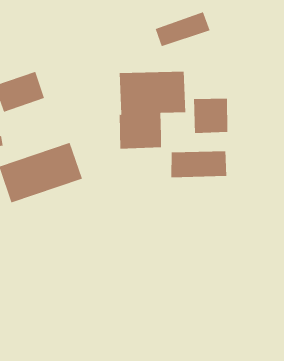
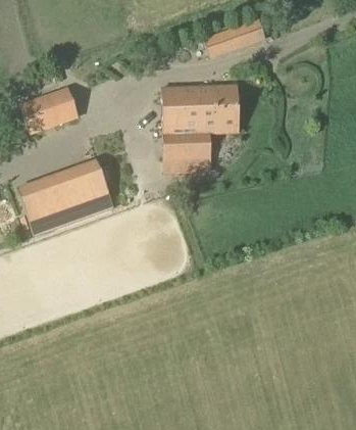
building: [193,98,228,134] -> none
building: [171,150,227,178] -> none

